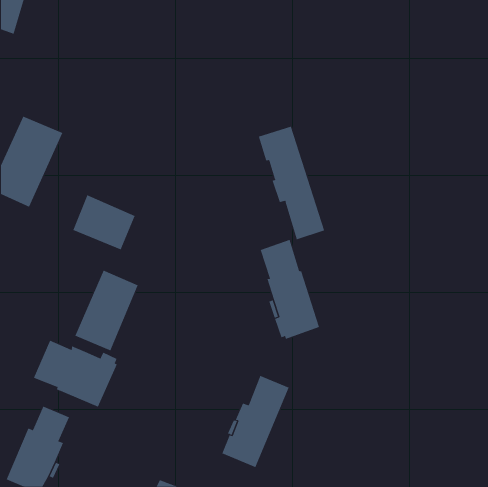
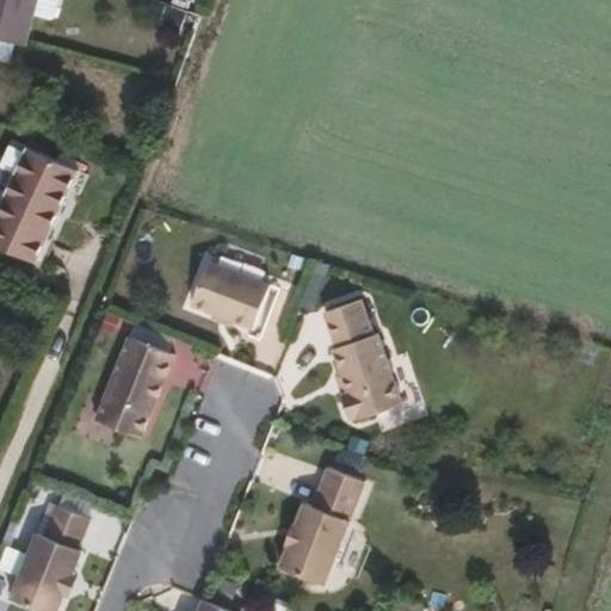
building: [258,126,325,240] -> none
building: [73,195,136,250] -> [192,260,271,329]
building: [33,340,118,407] -> none

